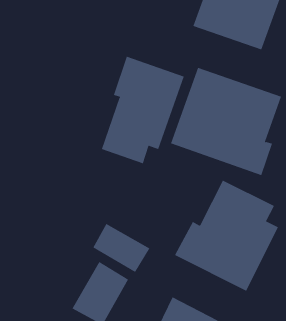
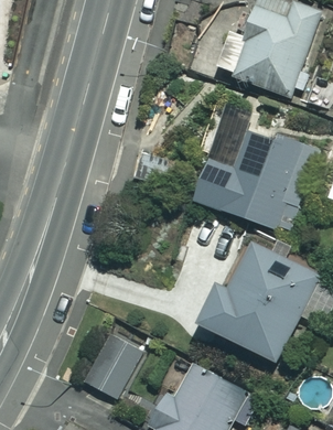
building: [101,56,184,164] -> none
building: [93,223,150,273] -> none

